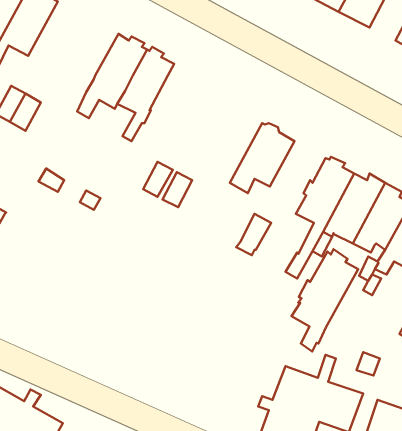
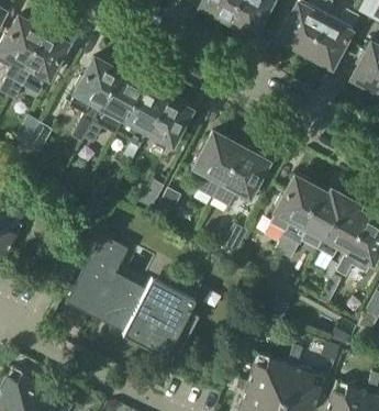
building: none -> [70,56,119,142]
building: none -> [145,97,190,149]
building: none -> [192,133,241,198]
building: none -> [67,234,199,359]
building: [292,249,358,351] -> none

